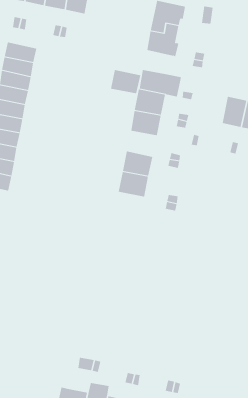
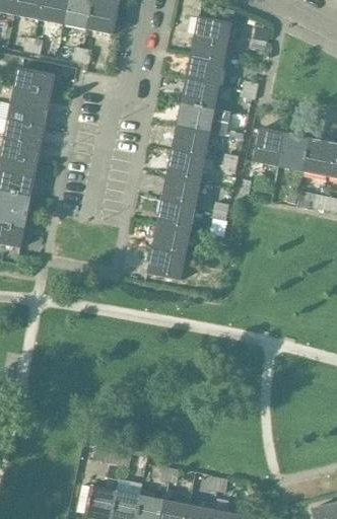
building: [110,69,141,94] -> [182,78,219,107]
building: none -> [254,129,284,166]
building: none -> [162,175,200,207]
building: none -> [147,249,185,280]

